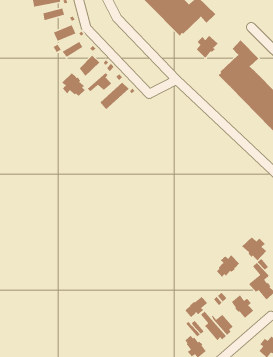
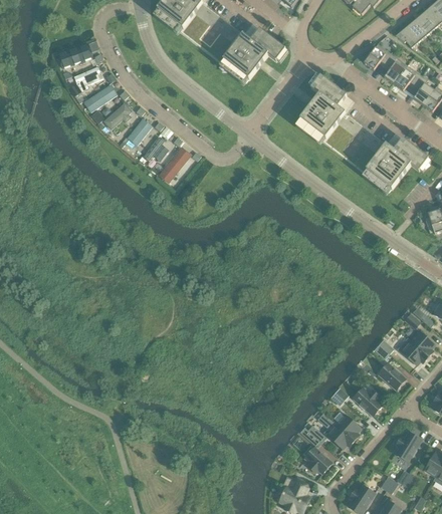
building: [196,35,219,59] -> none
building: [61,73,86,97] -> none
building: [241,237,267,261] -> none
building: [216,255,240,278] -> none
building: [184,296,208,318] -> none

